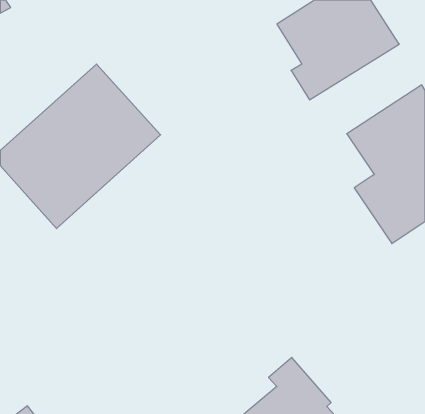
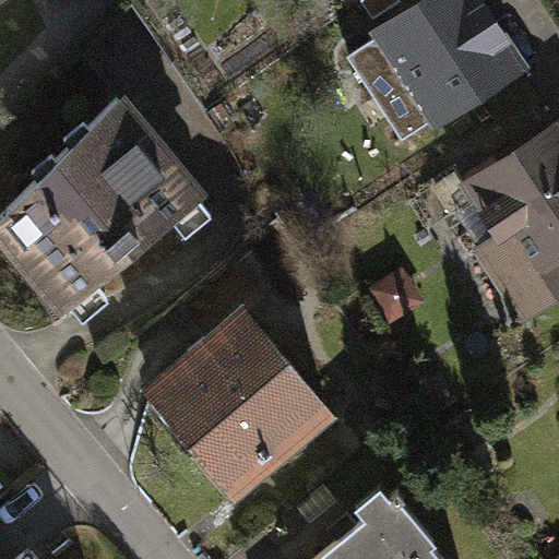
building: none -> [138,306,332,499]

